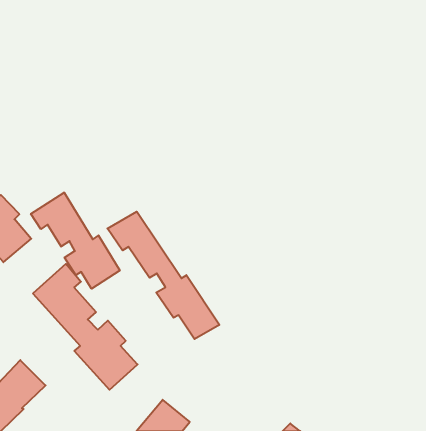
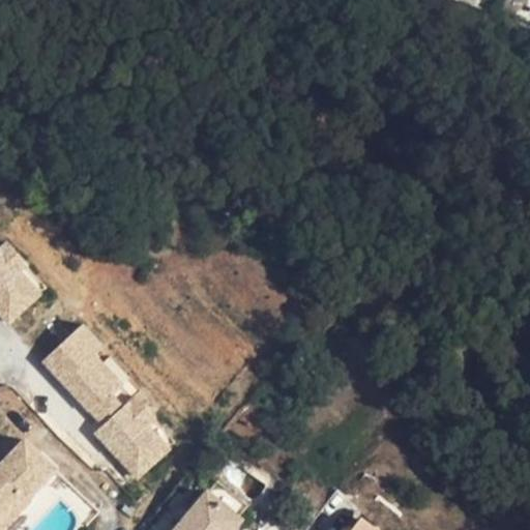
building: [31,192,120,289] -> none
building: [107,212,219,339] -> none

